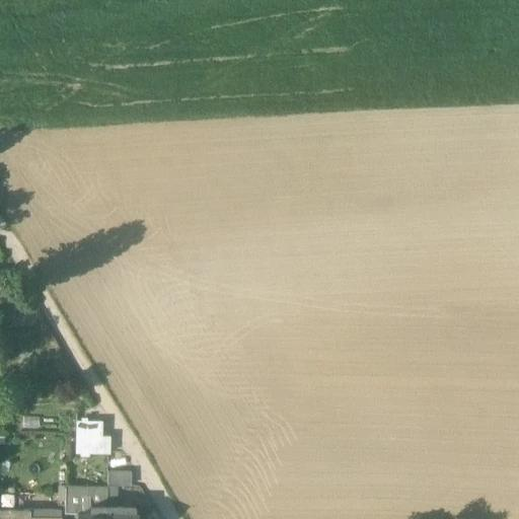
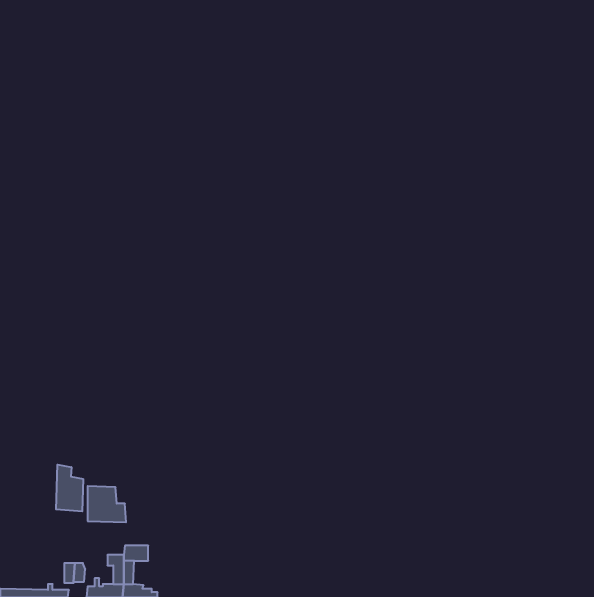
building: none -> [56,465,83,511]

